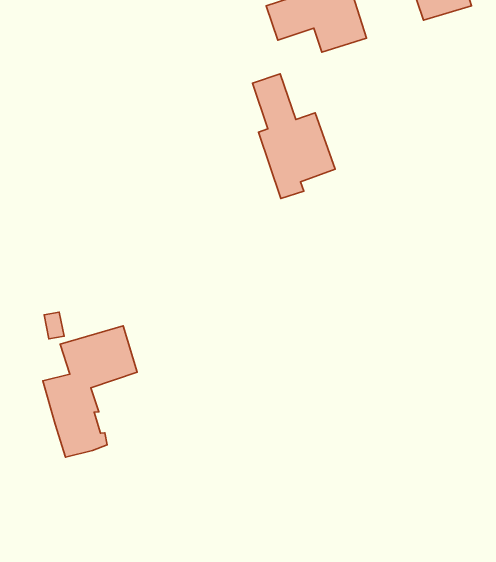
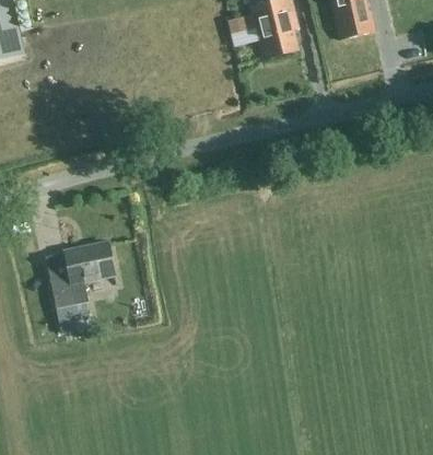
building: [252,74,335,199] -> none

